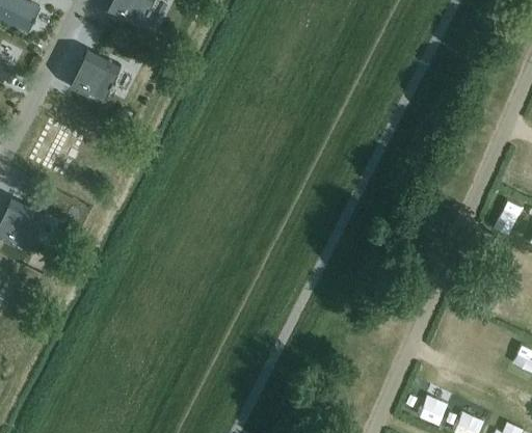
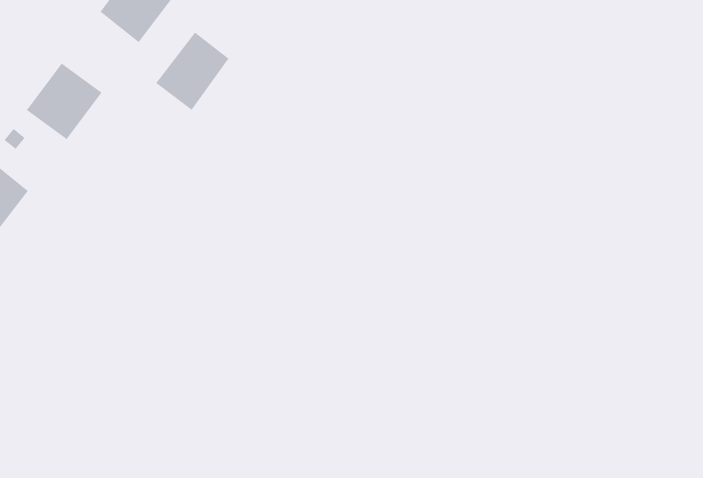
building: none -> [155,31,230,111]

